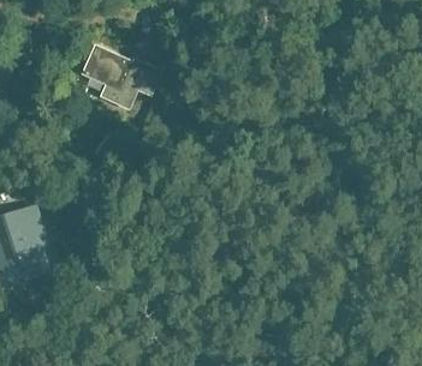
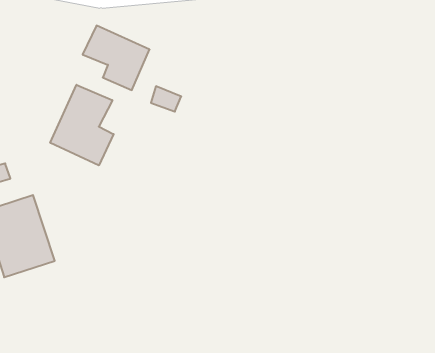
building: none -> [50,85,114,165]

